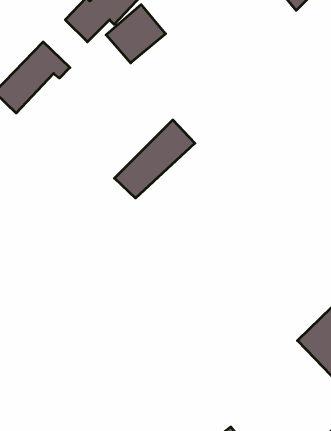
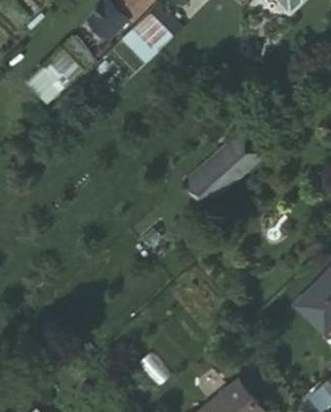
building: [114,120,195,198] -> [190,131,260,199]

